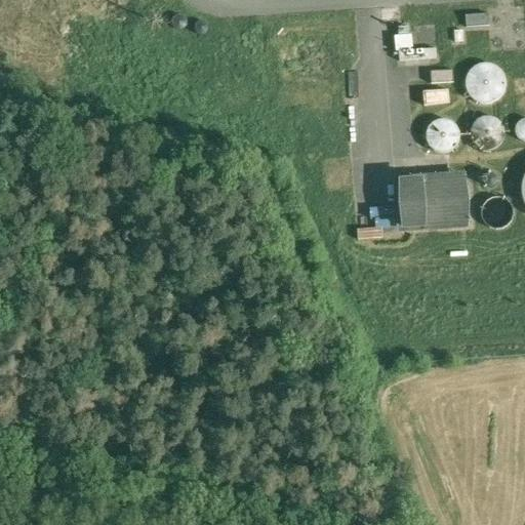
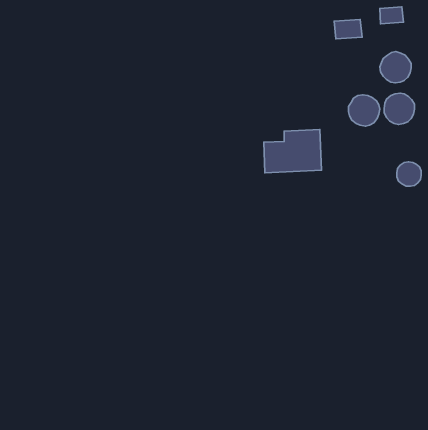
building: [399,174,469,227] -> [264,130,321,173]

